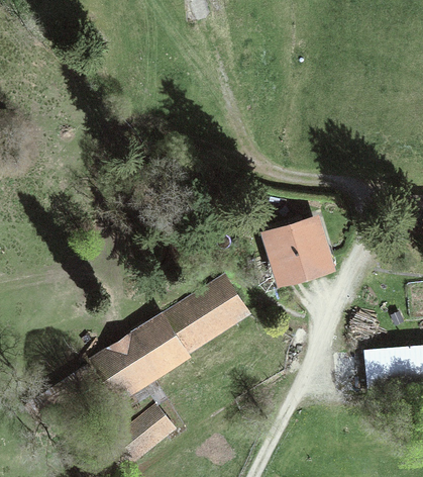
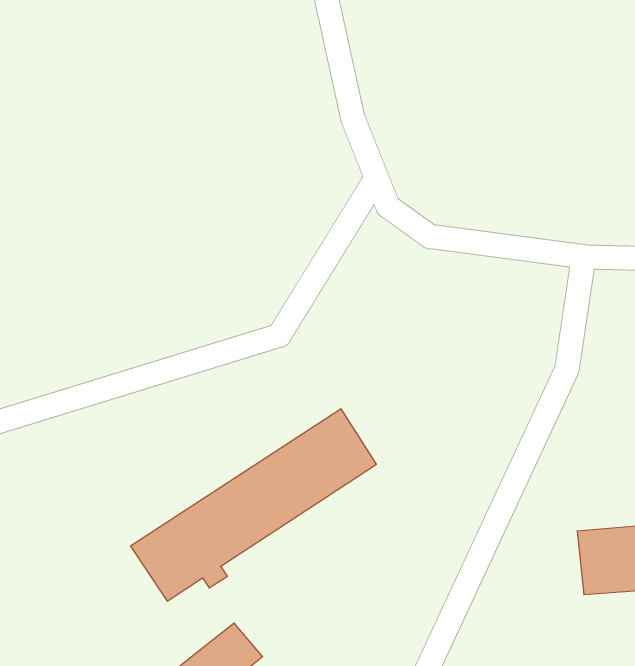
building: [270,218,326,281] -> none

